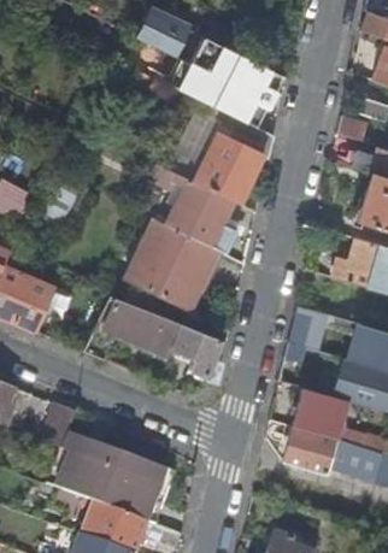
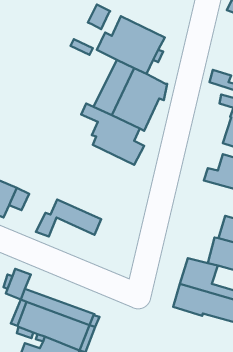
building: [125,219,219,310] -> none
building: [289,310,330,353] -> none
building: [174,324,223,384] -> none

